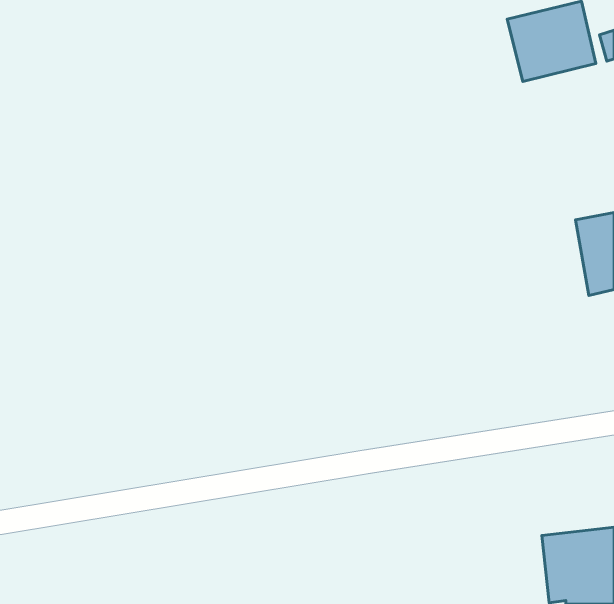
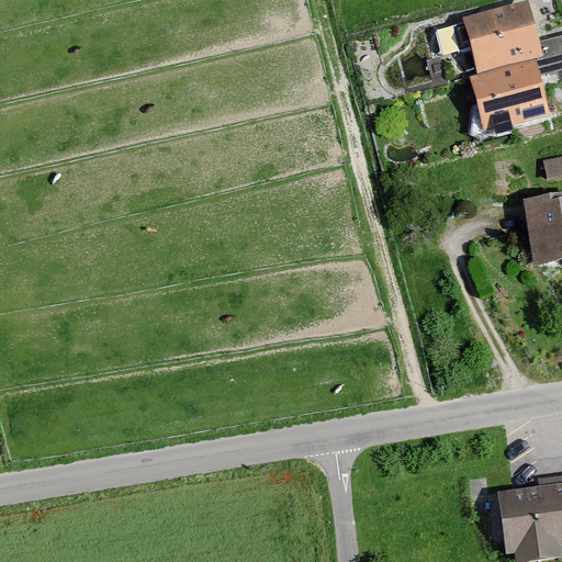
building: none -> [471,68,551,133]

